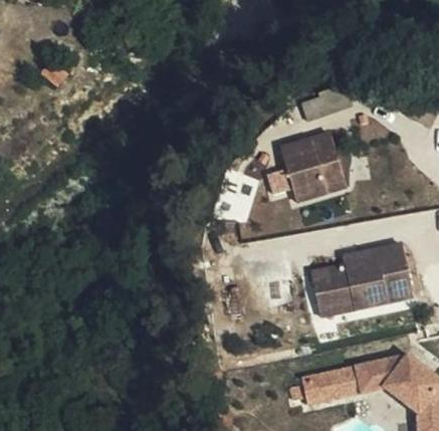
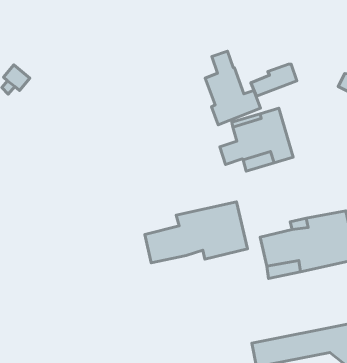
building: none -> [205,51,261,125]
building: none -> [145,202,247,263]

